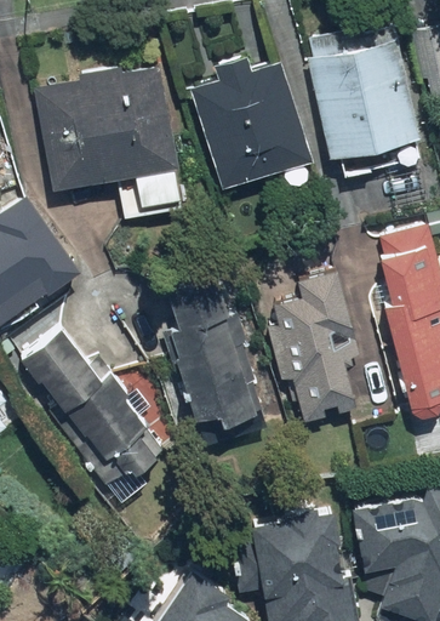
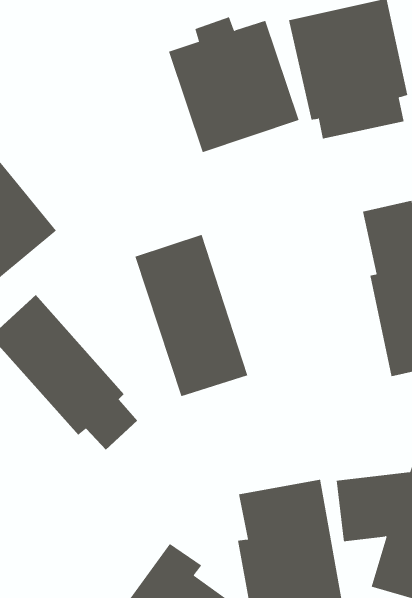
building: [34,65,185,218] -> none
building: [276,266,368,418] -> none

